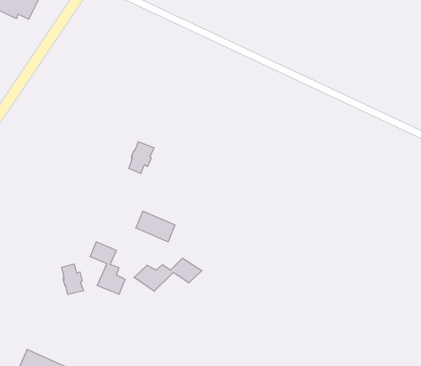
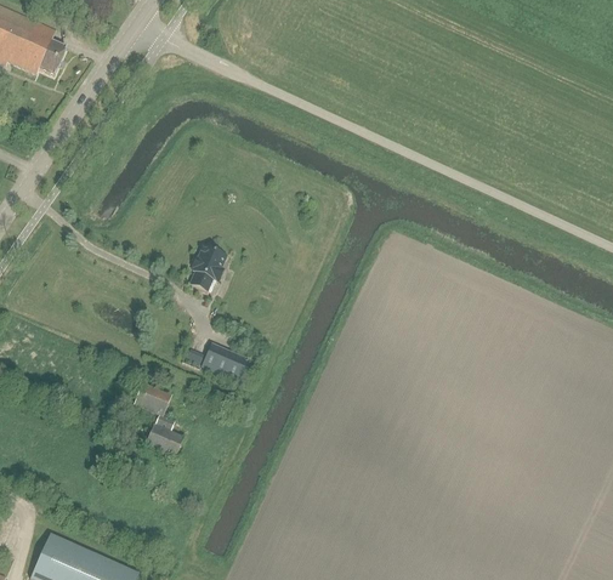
building: [134,258,202,291] -> none
building: [62,264,83,295] -> none

